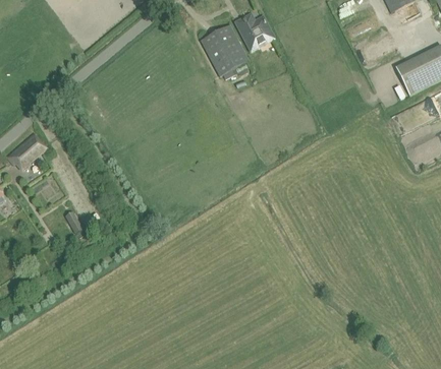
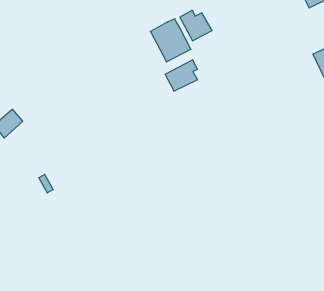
building: none -> [165,60,197,91]

